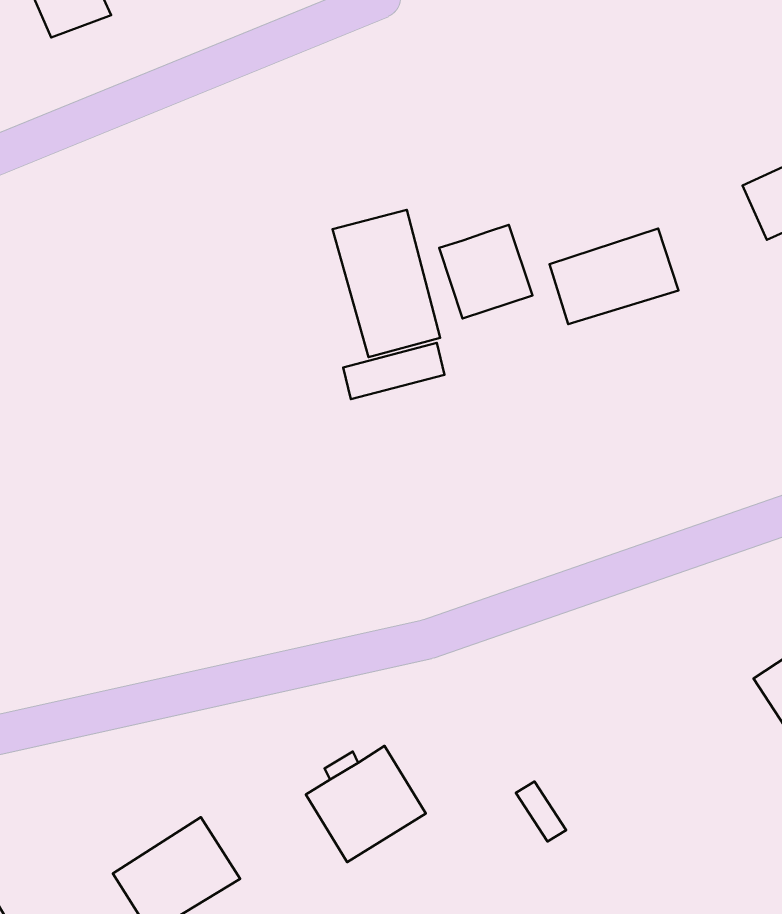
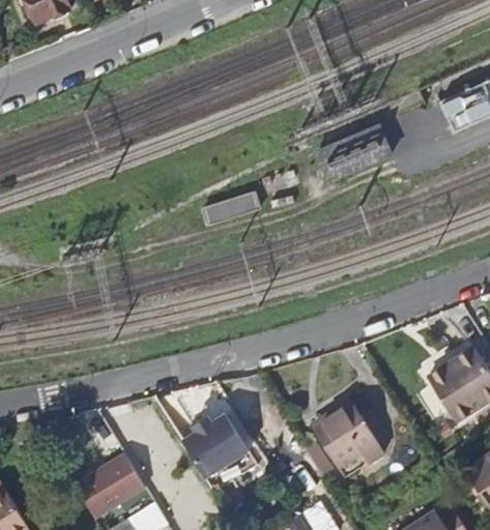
building: [332,210,440,357] -> none
building: [439,225,533,318] -> none
building: none -> [314,403,393,477]

